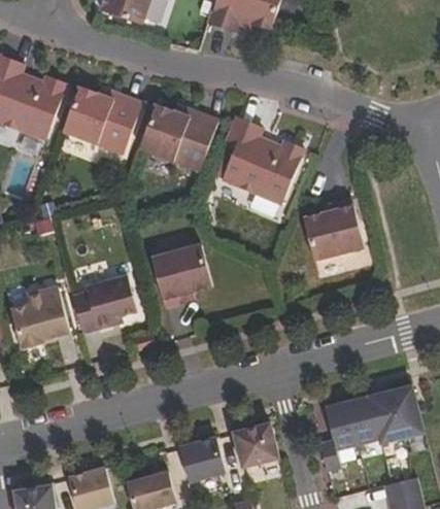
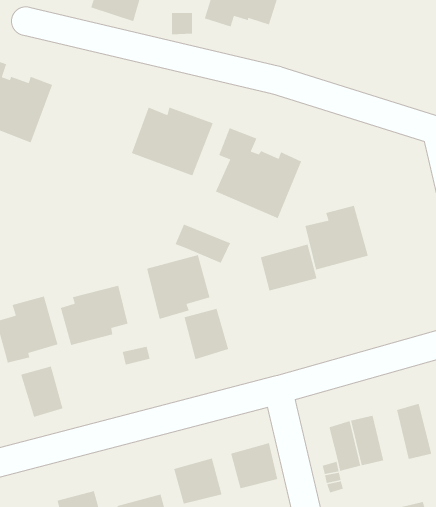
building: [59,96,138,162] -> none
building: none -> [175,223,231,264]
building: none -> [260,244,318,291]
building: none -> [183,308,229,360]
building: none -> [20,366,64,418]
building: [368,391,401,443] -> none

